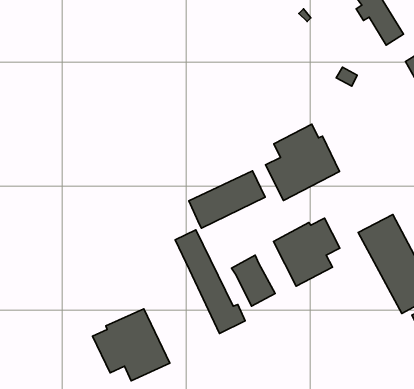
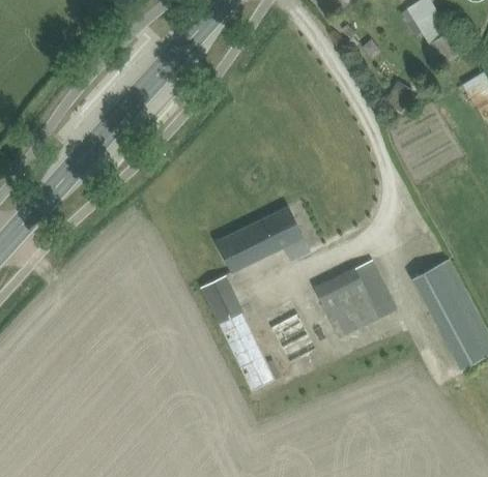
building: [265,124,340,201] -> none
building: [93,309,170,381] -> none

